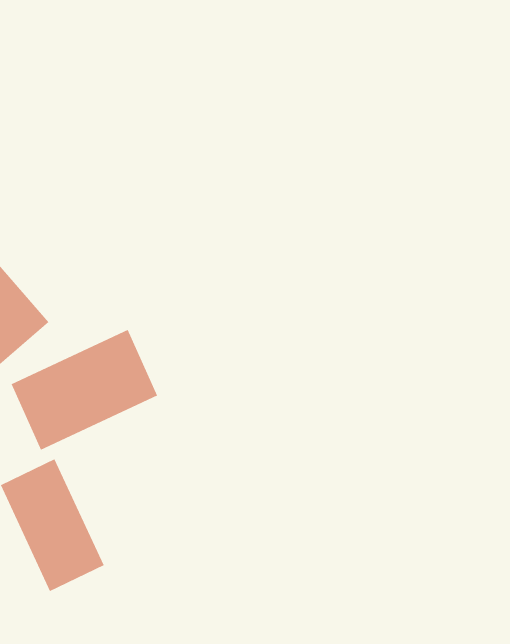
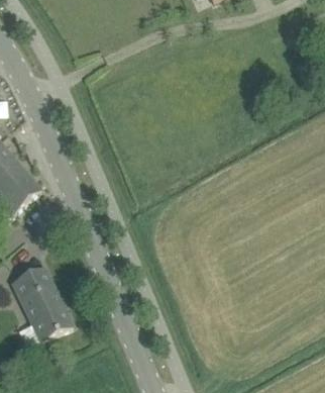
building: [10,329,158,451] -> none

